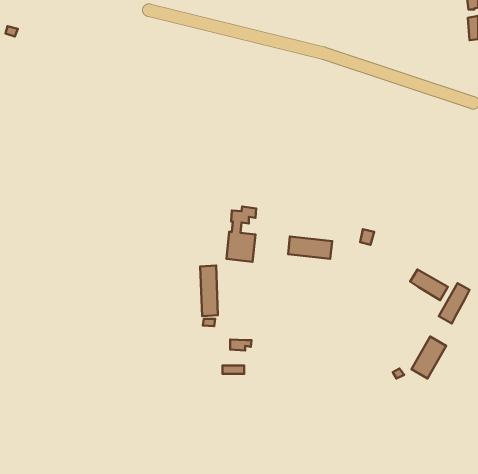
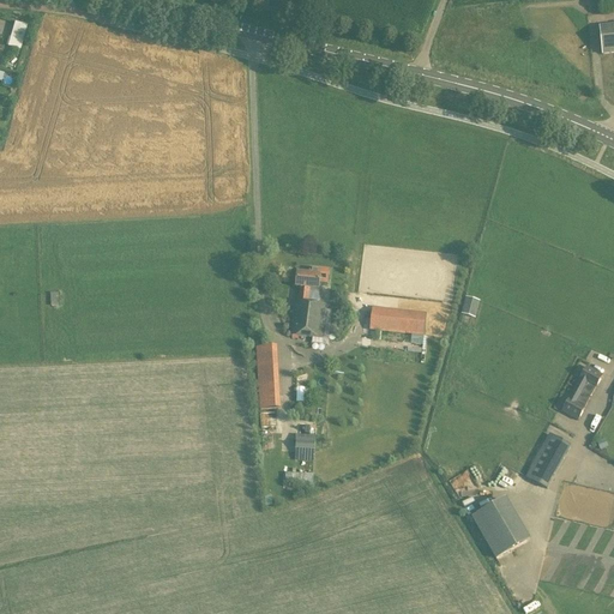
building: [410,270,448,300] -> none
building: none -> [474,496,529,556]

